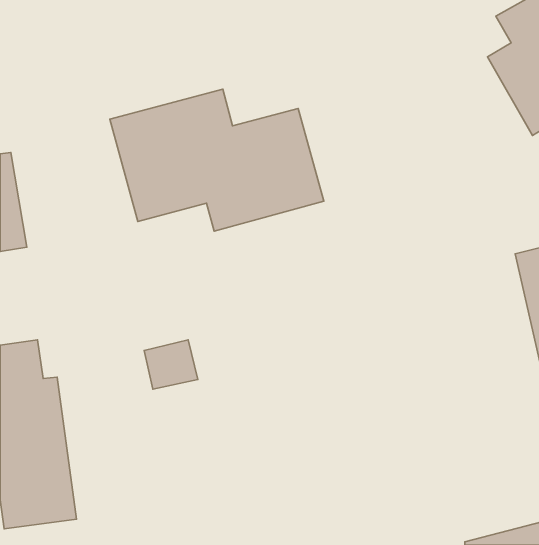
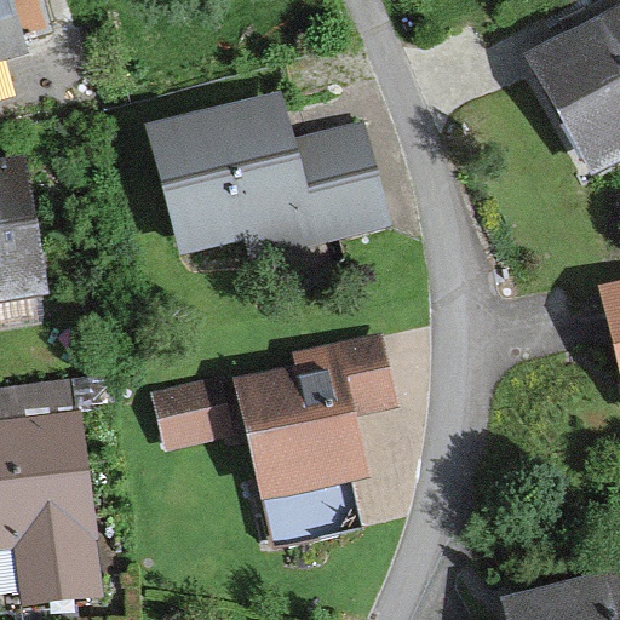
building: none -> [266,345,396,541]

